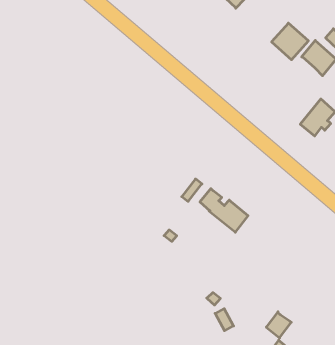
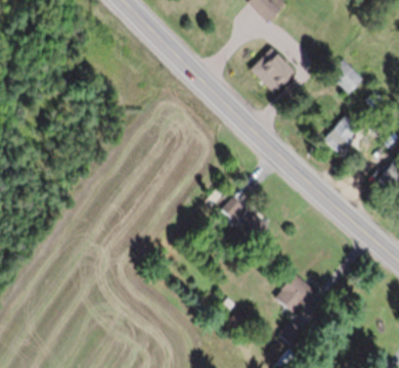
building: [272,23,308,60] -> [258,53,294,89]
building: none -> [275,274,314,313]

